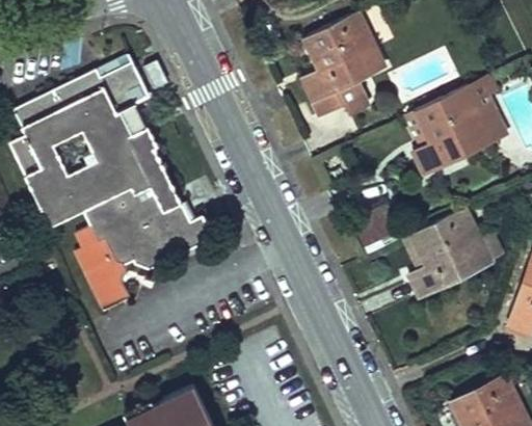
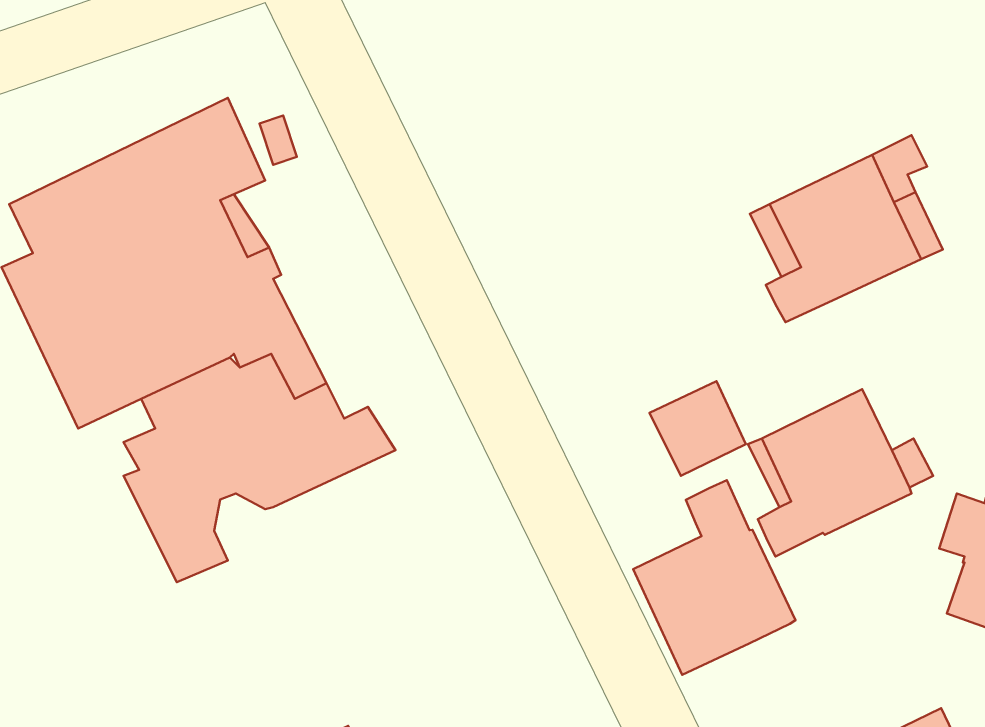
building: [301,12,383,115] -> none
building: none -> [633,480,796,675]

